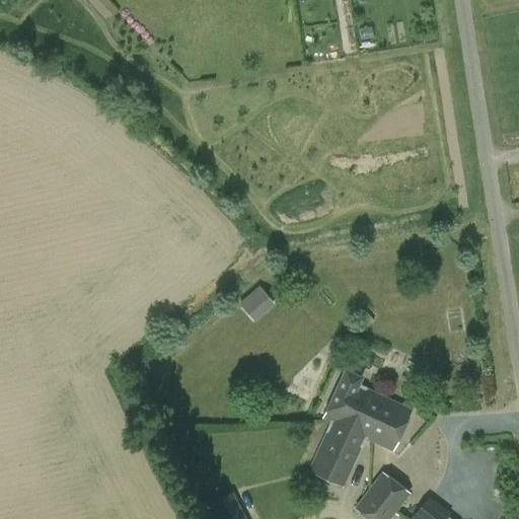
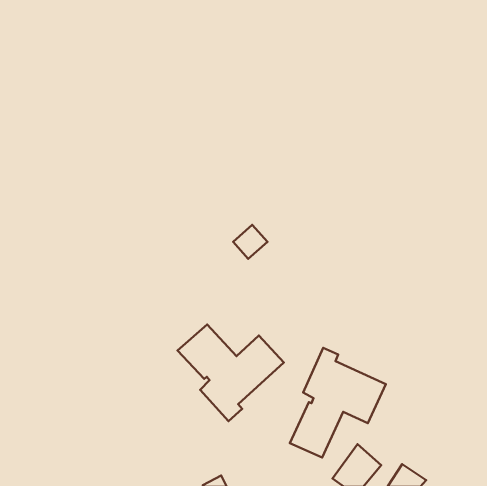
building: [240,285,277,321] -> [233,225,267,259]
building: none -> [178,324,284,421]

